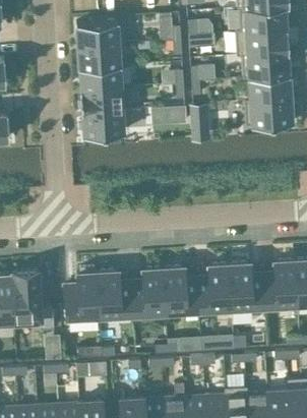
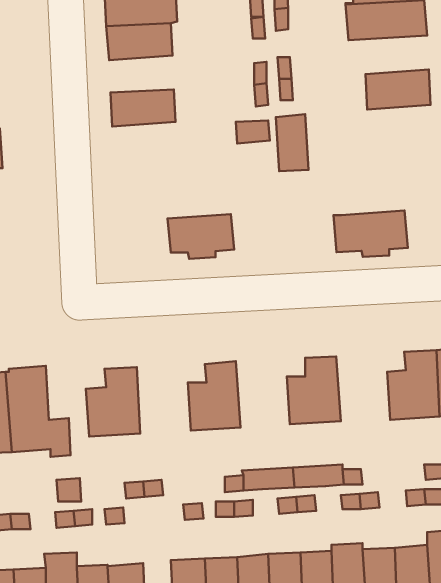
building: [237,53,290,78] -> none
building: [79,66,122,91] -> none
building: [244,99,293,129] -> [334,211,408,257]
building: [81,110,125,139] -> [168,214,234,259]
building: [229,262,264,307] -> none
building: [163,266,198,311] -> none
building: [98,271,133,315] -> none

